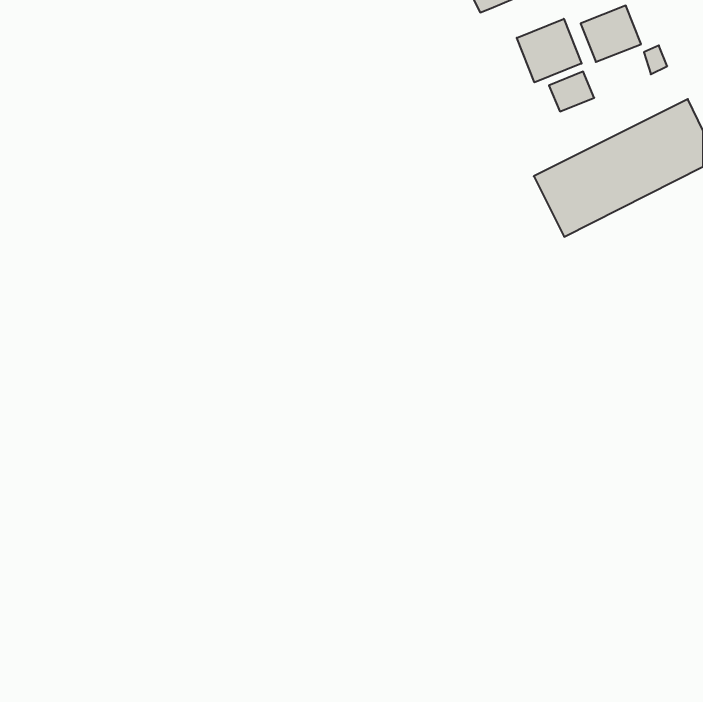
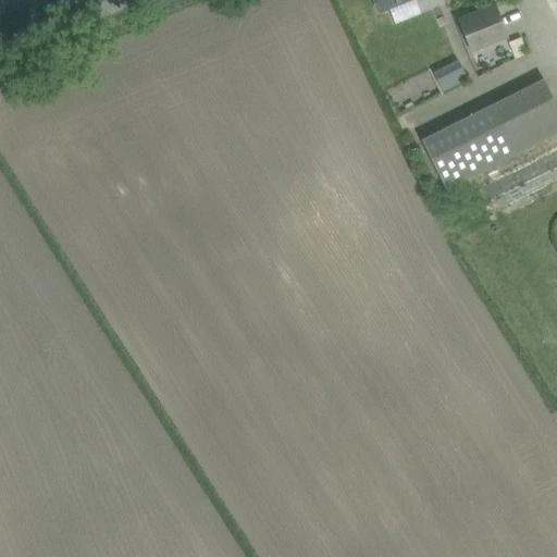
building: [517,19,582,82] -> none

